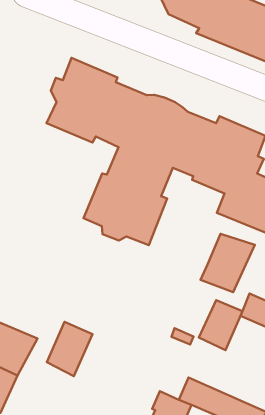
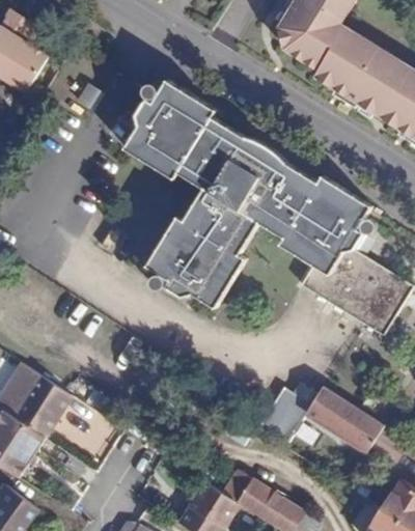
building: [200,234,255,292] -> none
building: [47,322,92,376] -> none

